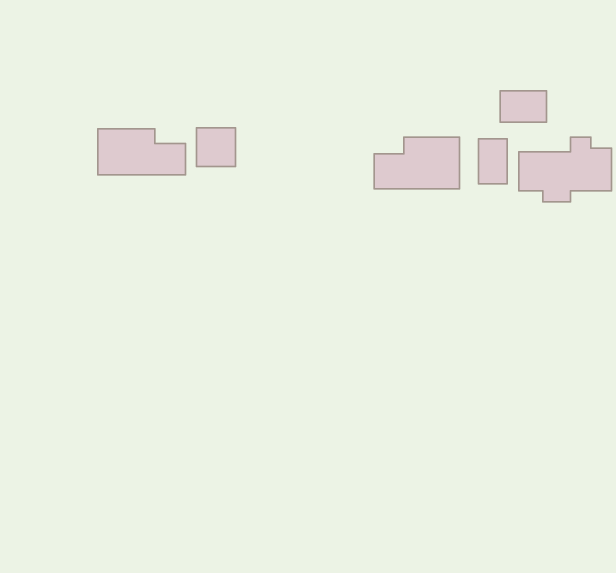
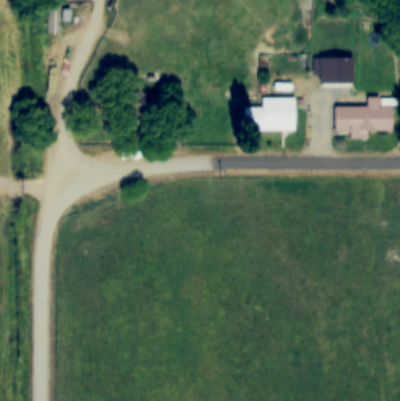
building: [98,129,185,175] -> none
building: [479,139,507,184] -> none

